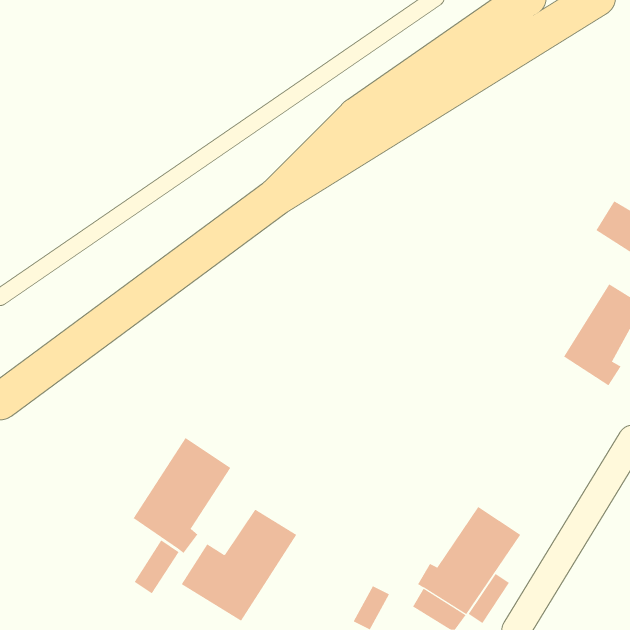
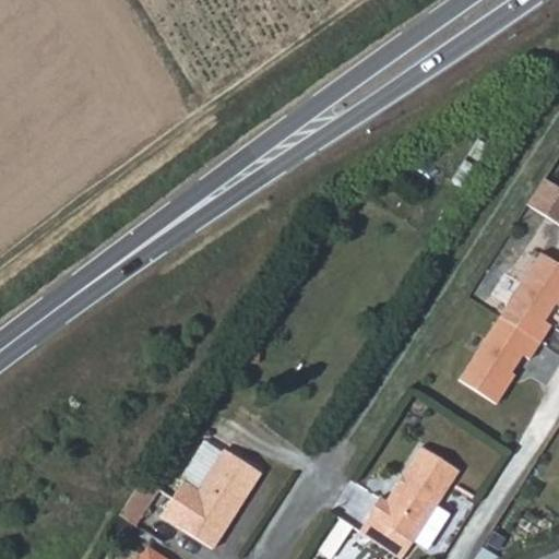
building: none -> [459,314,539,403]
building: [133,437,231,554] -> none

